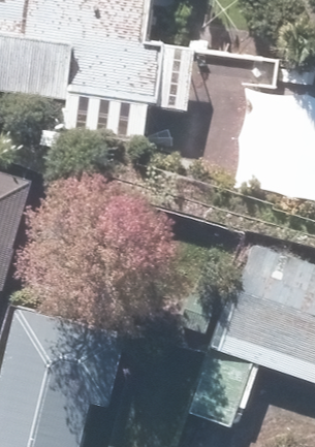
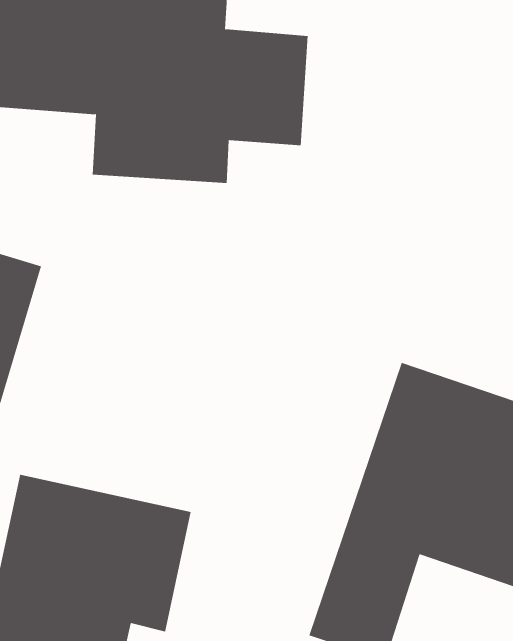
building: [238,90,300,195] -> none

